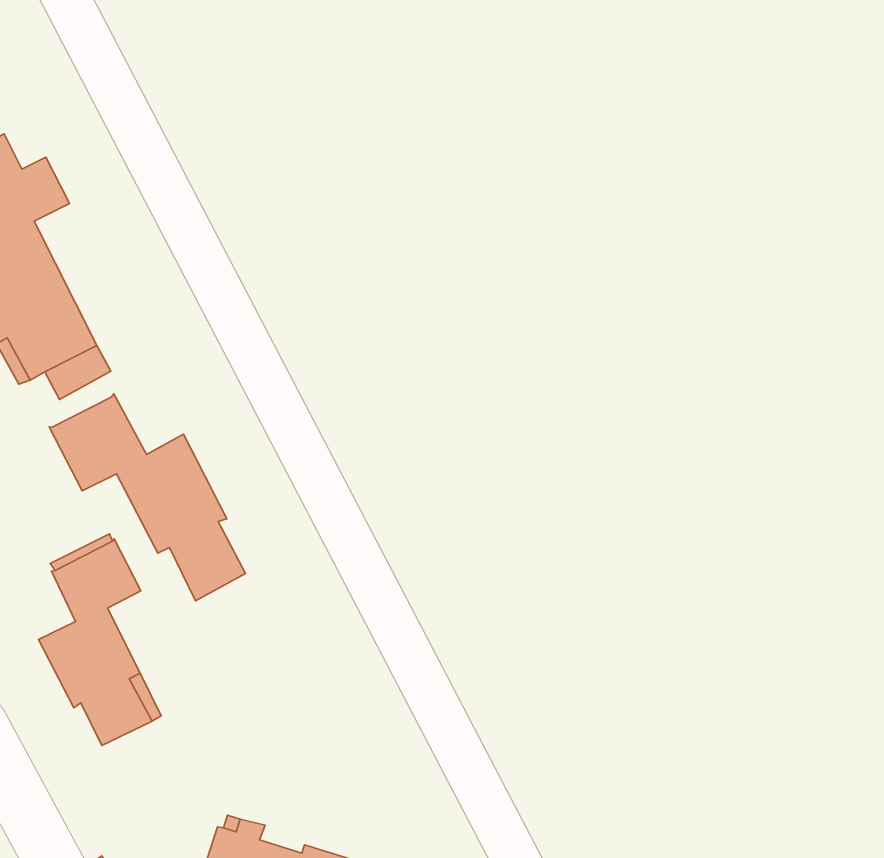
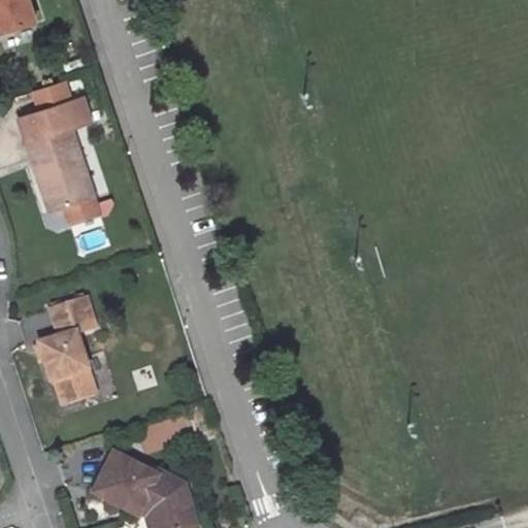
building: [49,394,246,601] -> none

